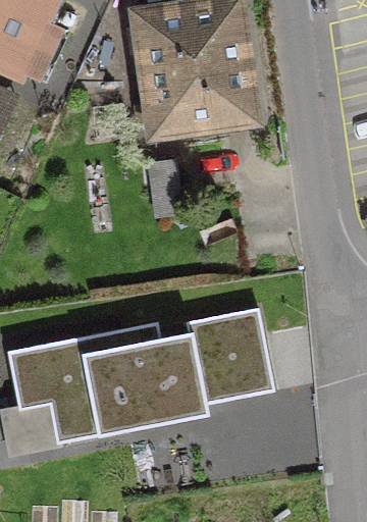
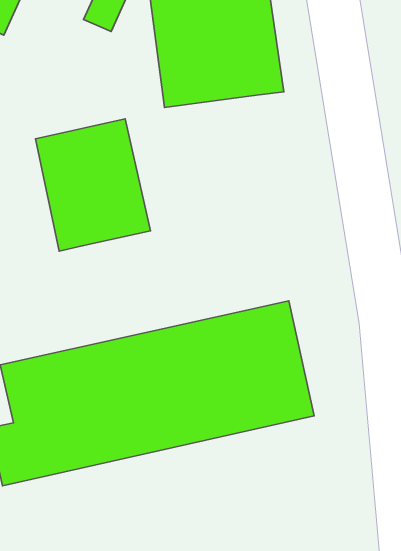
building: none -> [36,119,151,251]

